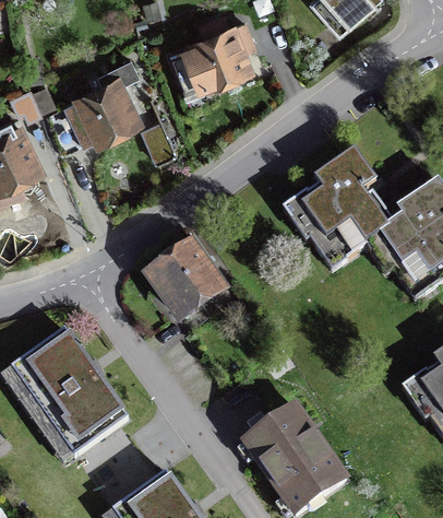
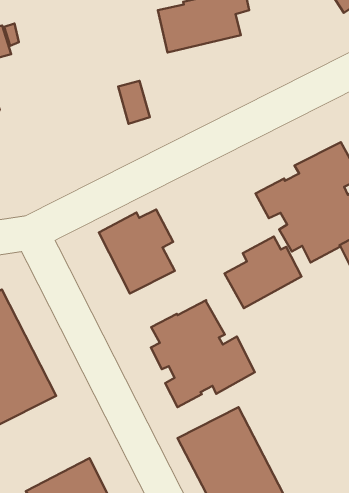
building: [47,60,140,155] -> none
building: none -> [224,237,302,308]
building: none -> [151,300,255,407]

